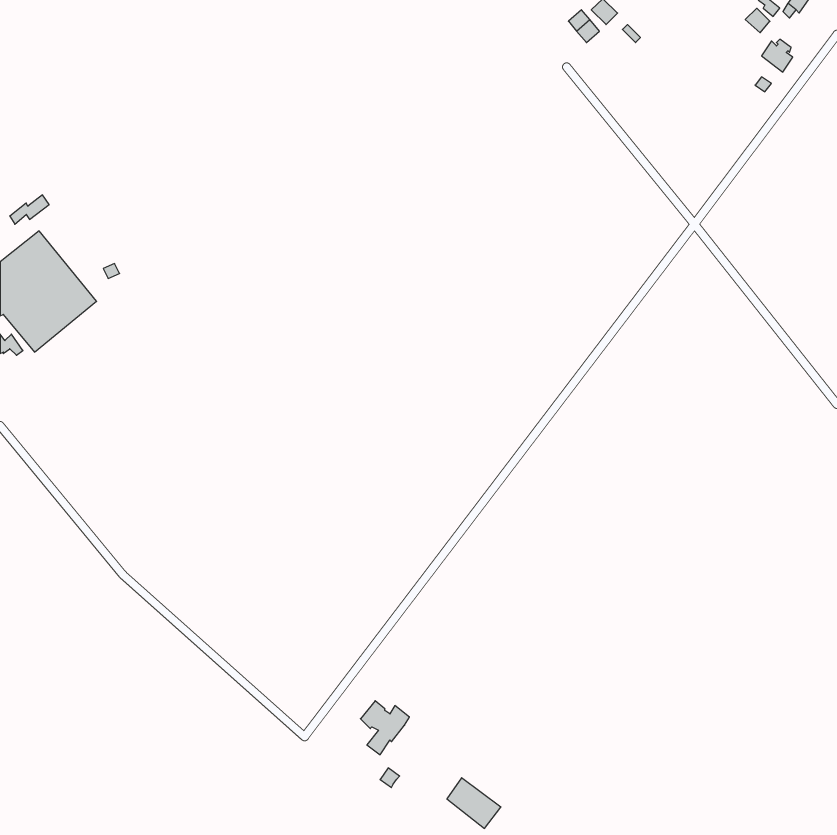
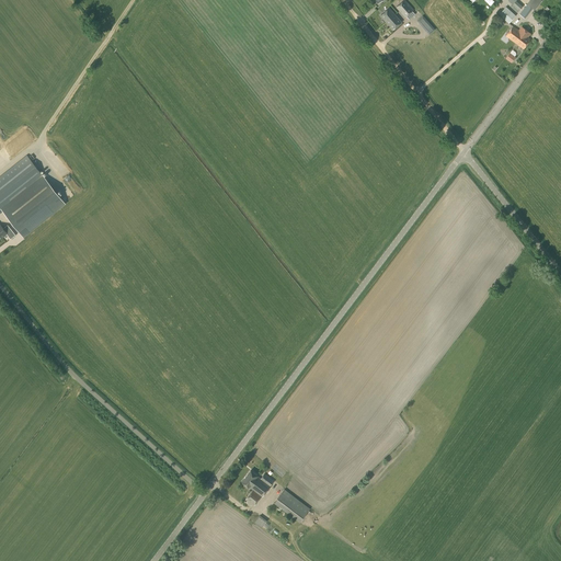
building: [447,778,501,828] -> [274,488,310,522]

